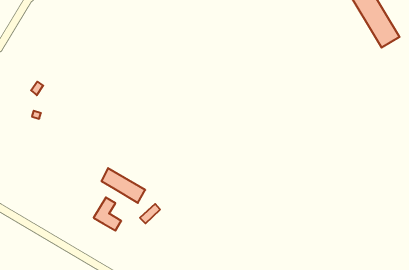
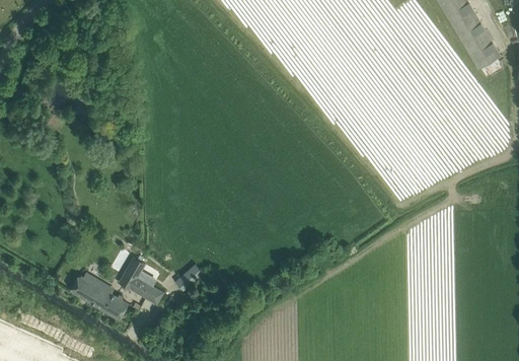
building: [101,168,145,203] -> [73,275,128,318]

